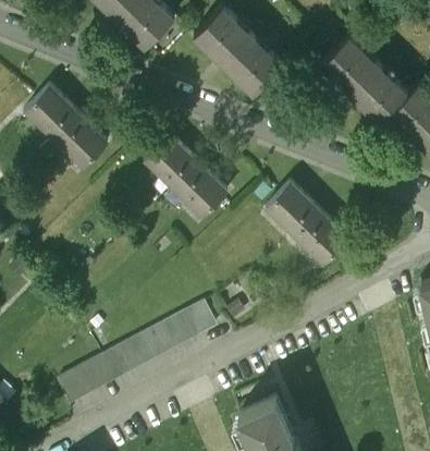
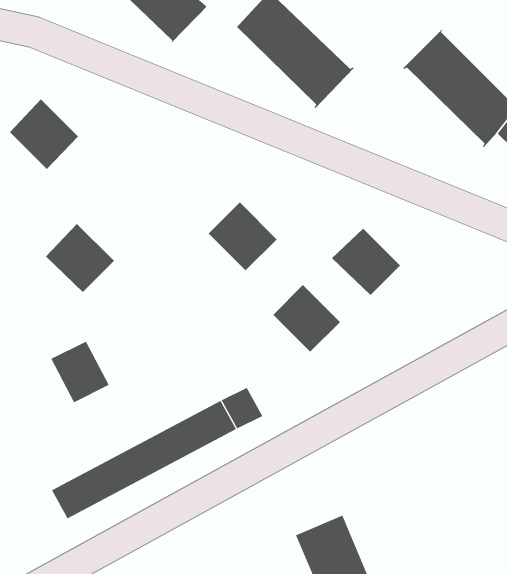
building: [52,114,105,167] -> [45,223,115,293]
building: [145,135,197,187] -> none
building: [295,211,346,263] -> [272,284,341,352]
building: none -> [50,341,110,403]

